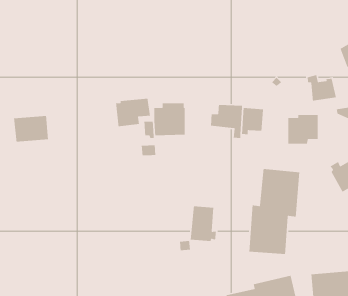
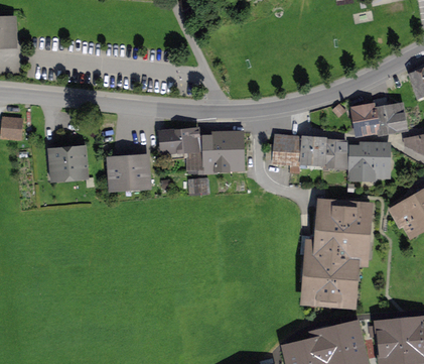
building: none -> [355,105,379,134]
building: none -> [323,140,346,166]
building: none -> [112,158,146,186]
building: [190,206,217,242] -> none

